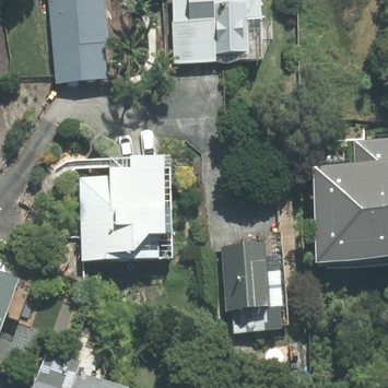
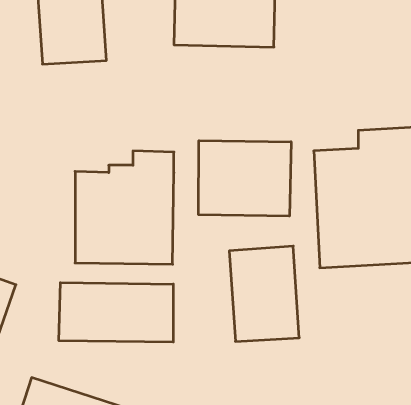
building: none -> [199,141,291,216]
building: none -> [59,283,173,342]

